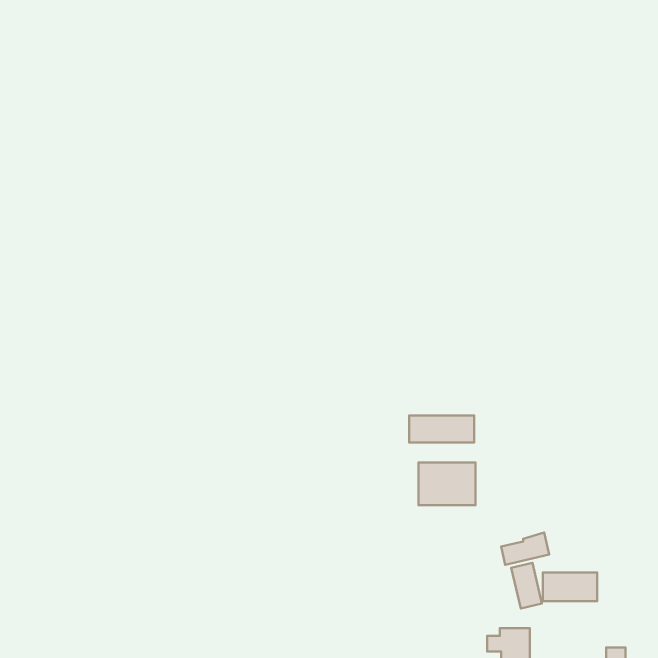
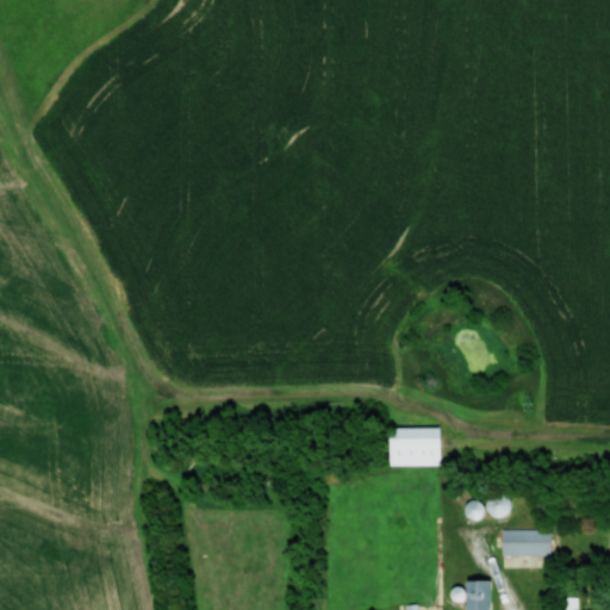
building: [409,415,474,442] -> none
building: [511,563,542,608] -> none

